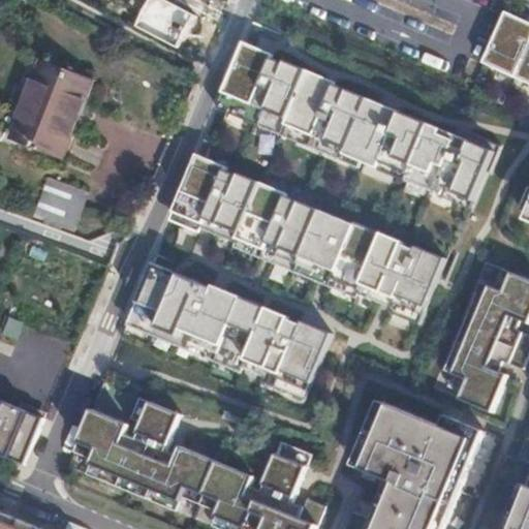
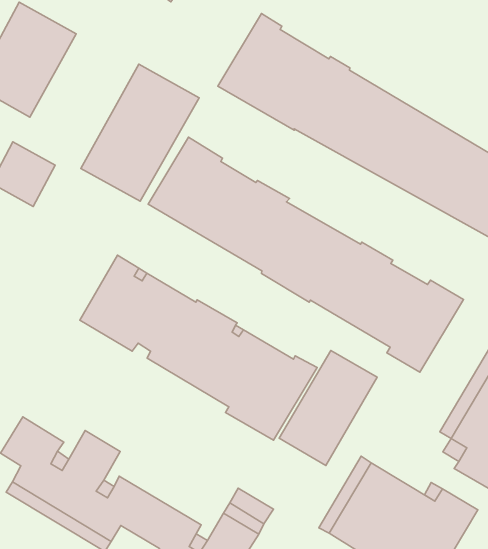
building: none -> [81,64,199,201]
building: none -> [279,351,377,465]

